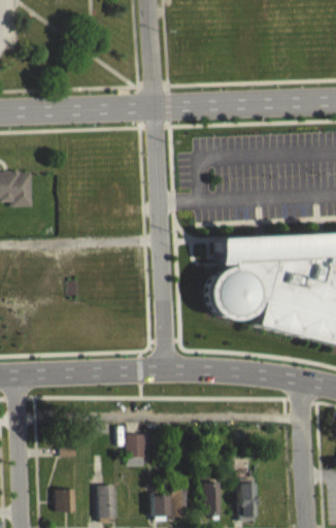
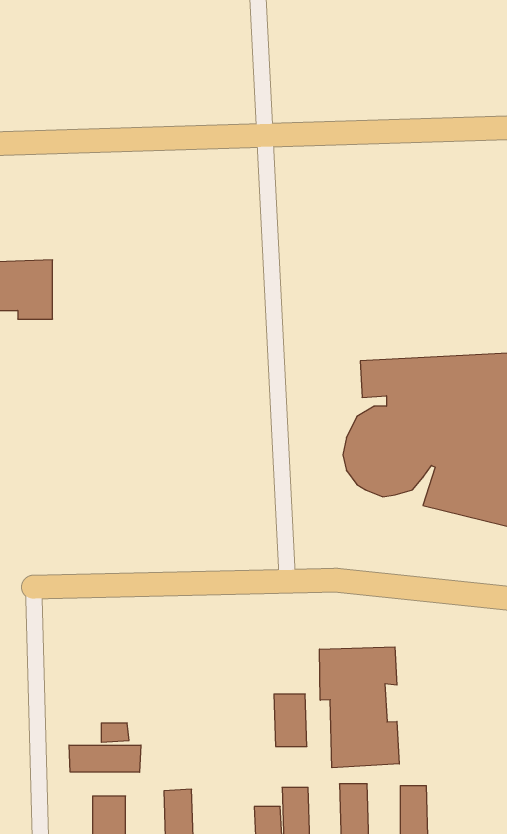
building: none -> [320,647,399,768]
building: [127,437,146,468] -> [274,694,307,746]
building: none -> [69,745,141,772]

